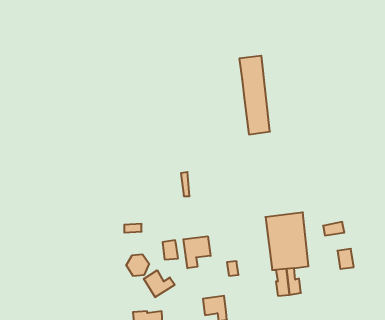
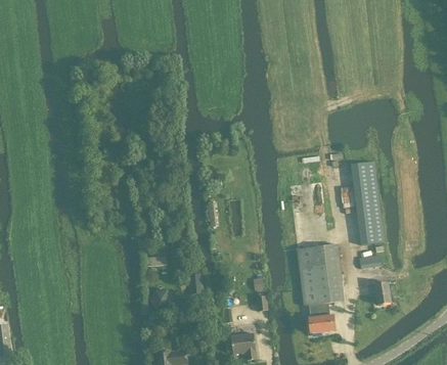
building: [239,56,270,134] -> [351,161,384,244]
building: [183,236,211,268] -> none
building: [144,270,175,297] -> none

